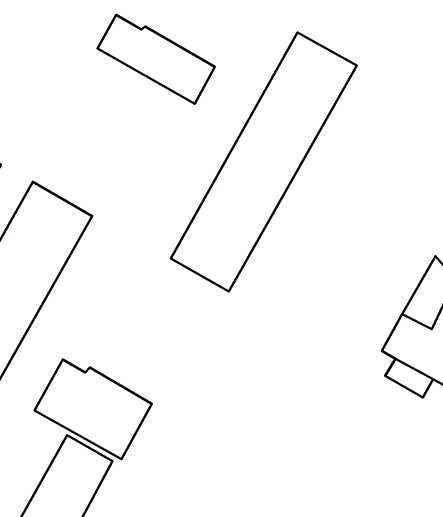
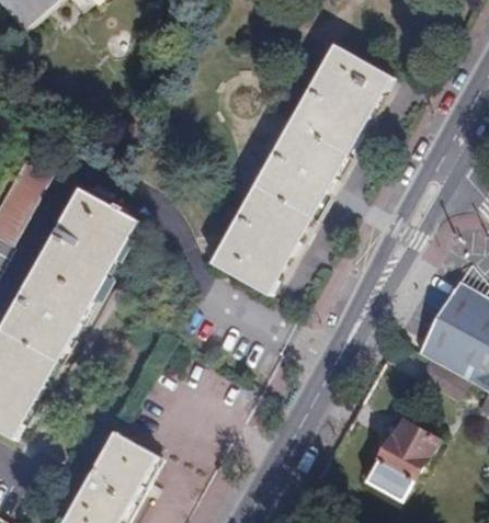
building: [97,15,215,104] -> none
building: [34,360,152,459] -> none
building: none -> [365,419,436,498]

